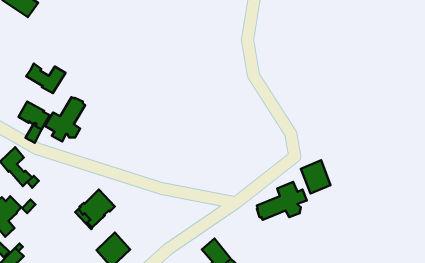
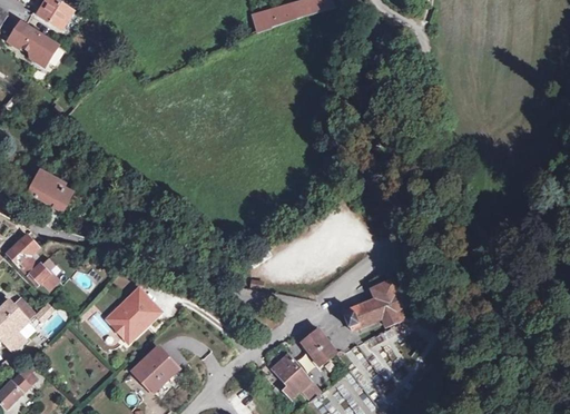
building: [26,64,66,93] -> none
building: [45,97,85,141] -> none
building: [301,160,331,194] -> none
building: none -> [299,326,334,363]

